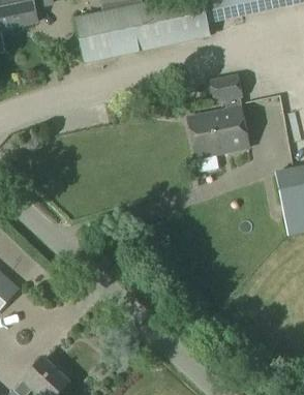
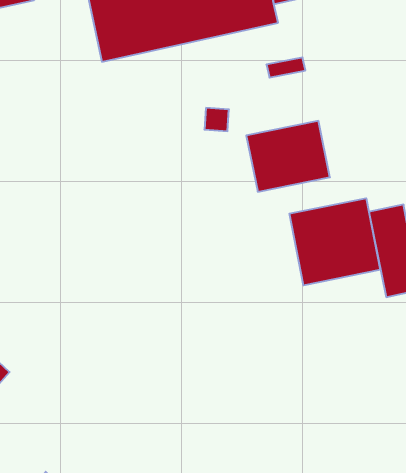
building: [209,74,240,108] -> none
building: none -> [289,198,380,285]

